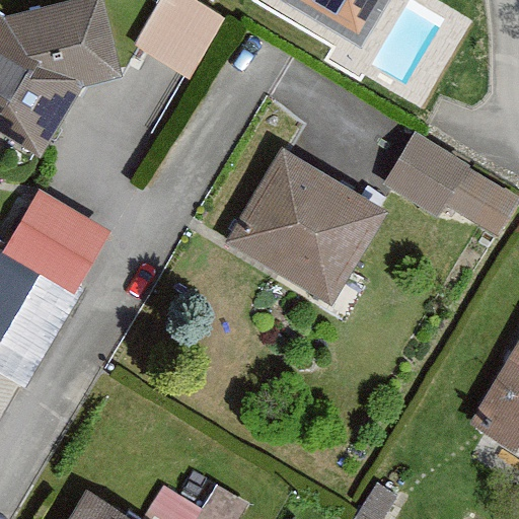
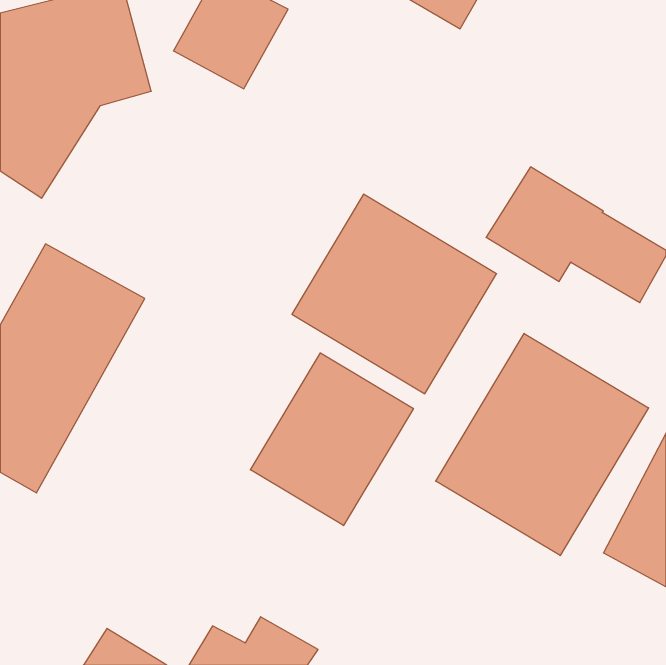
building: none -> [436,333,649,556]
building: none -> [250,353,413,526]

